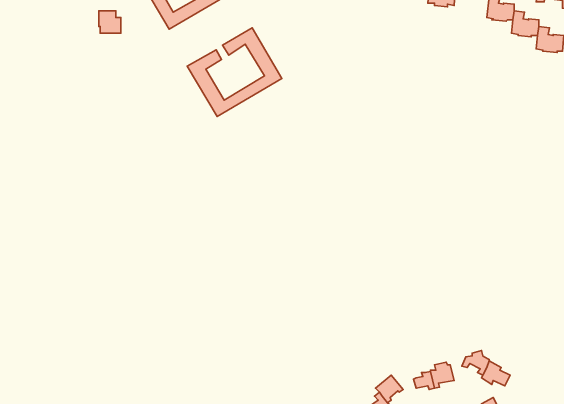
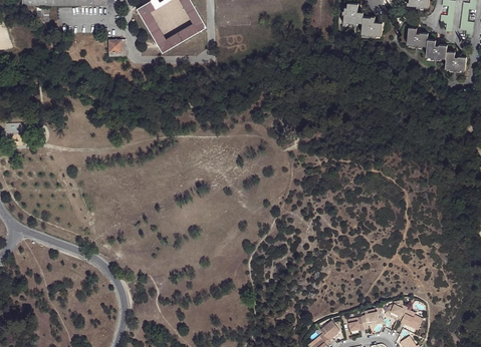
building: [187,28,282,117] -> none

